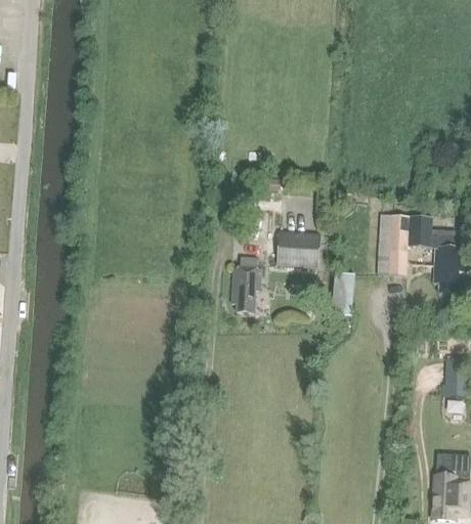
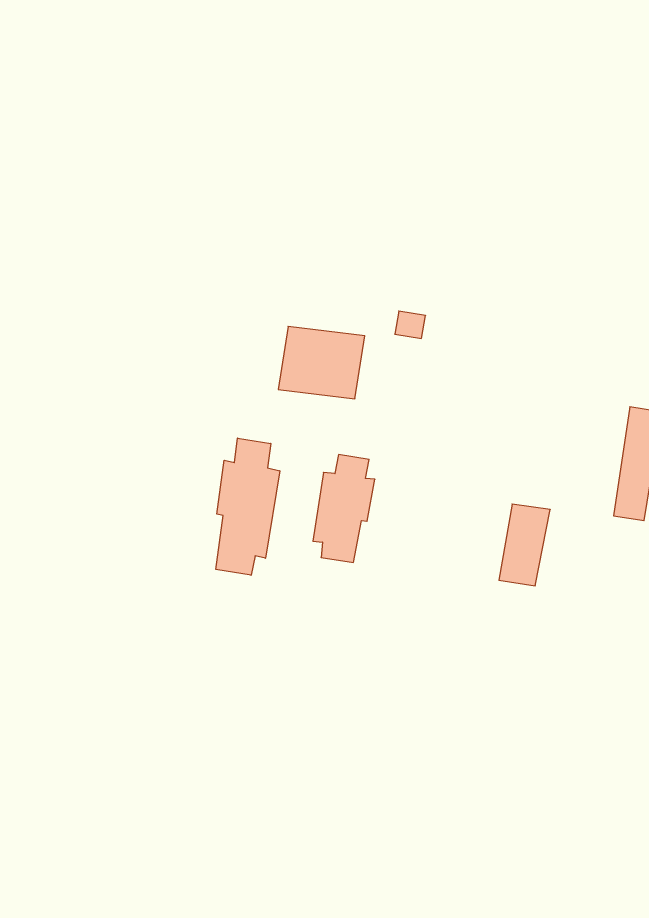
building: [274,231,317,266] -> [278,326,365,399]
building: none -> [216,438,280,575]

